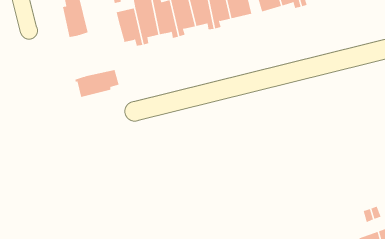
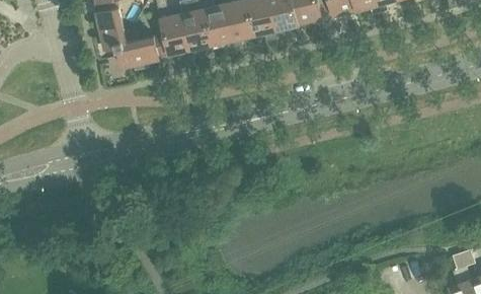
building: [74,69,120,97] -> [114,33,168,67]

